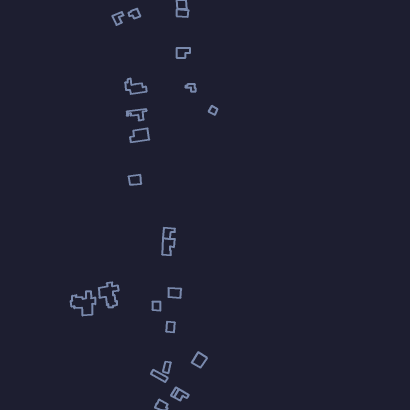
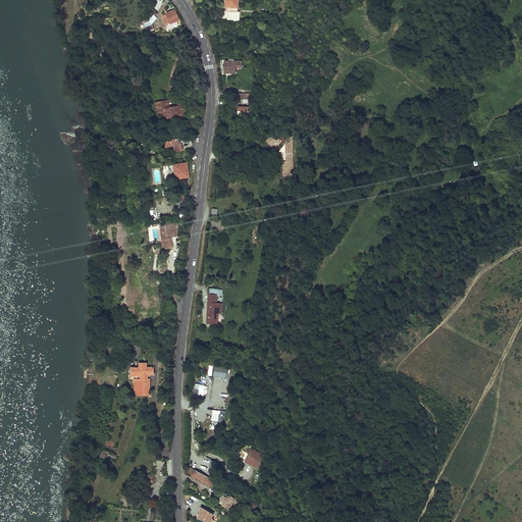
building: [71,291,95,316] -> none

